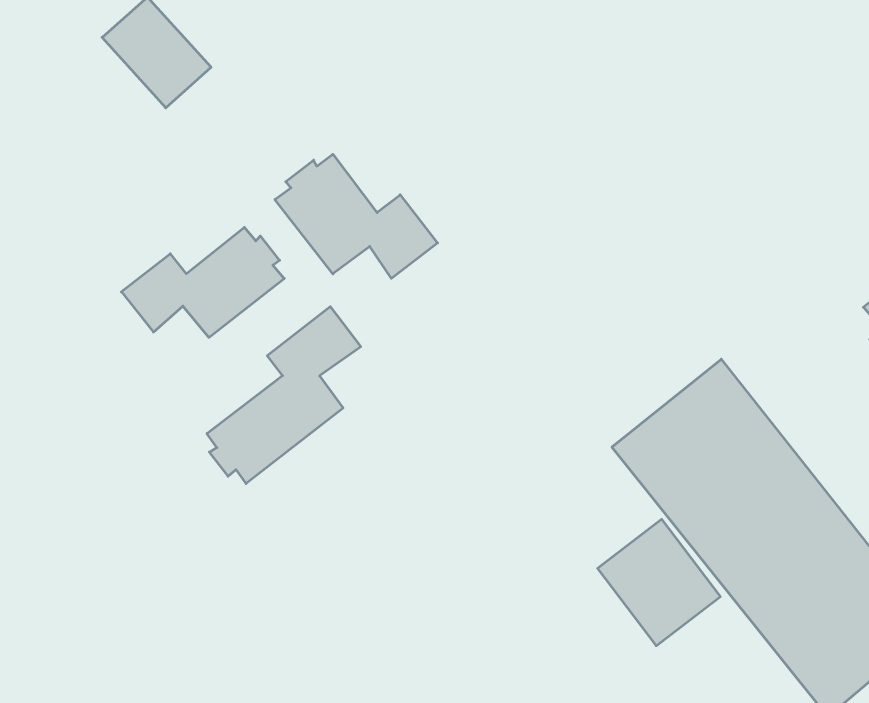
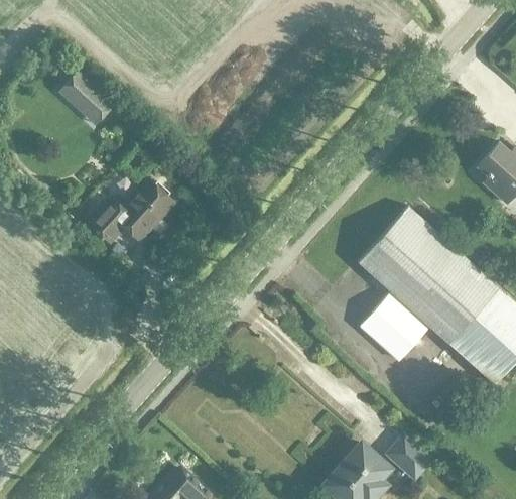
building: [275,154,438,278] -> none
building: [207,307,361,484] -> none

